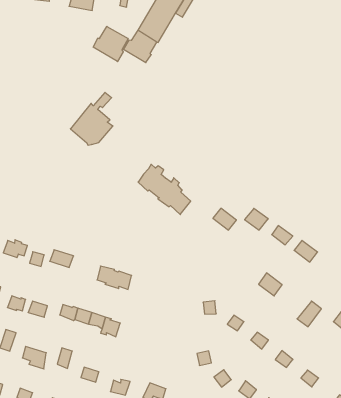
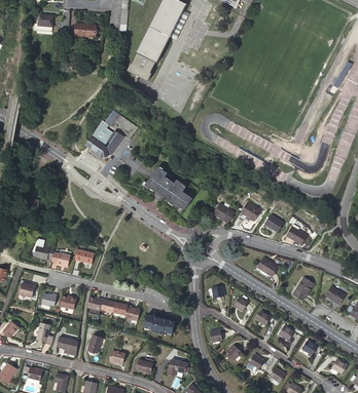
building: [93,26,128,62] -> none
building: [97,266,132,289] -> [143,315,173,333]

